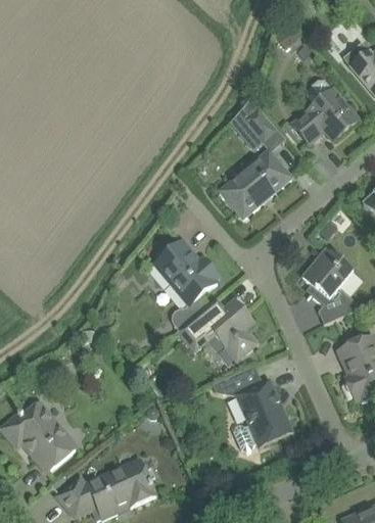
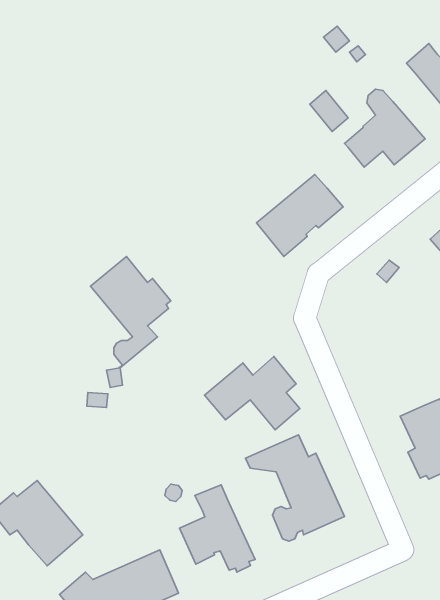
building: [244,107,276,141] -> [310,91,348,131]
building: [152,239,219,331] -> [90,256,171,368]
building: [301,247,362,324] -> none
building: none -> [180,485,255,572]

